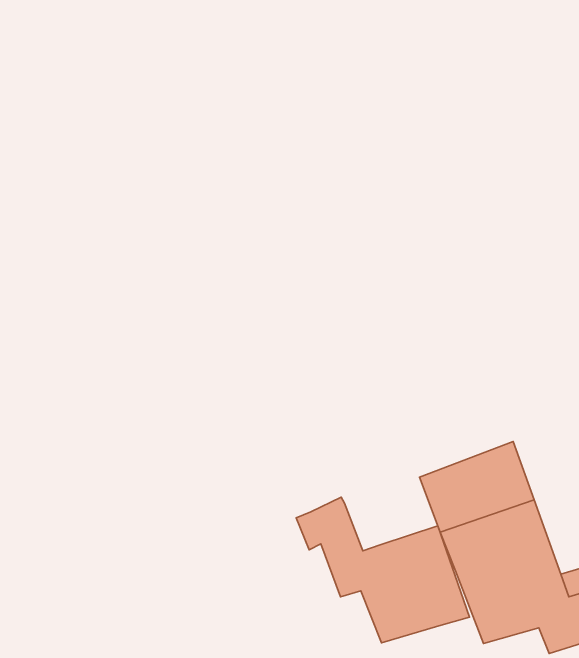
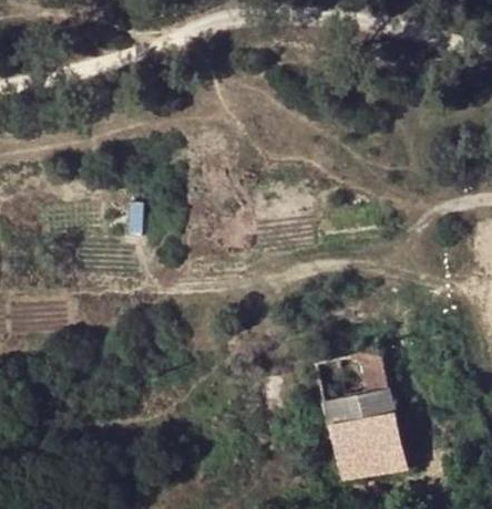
building: [296,497,469,643] -> none

